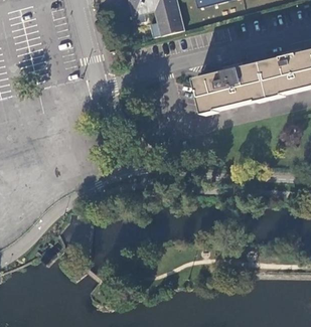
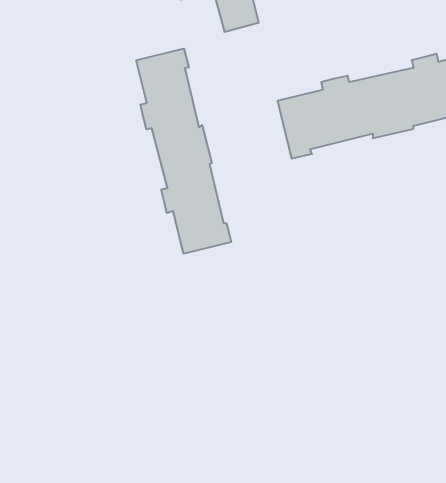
building: none -> [136,49,231,254]

